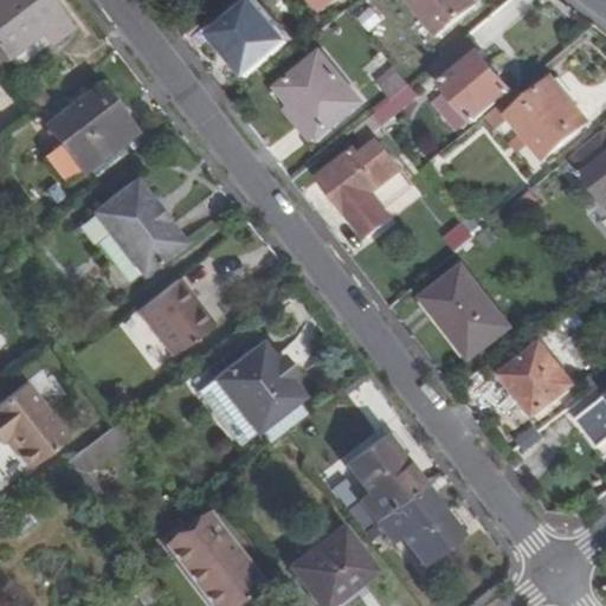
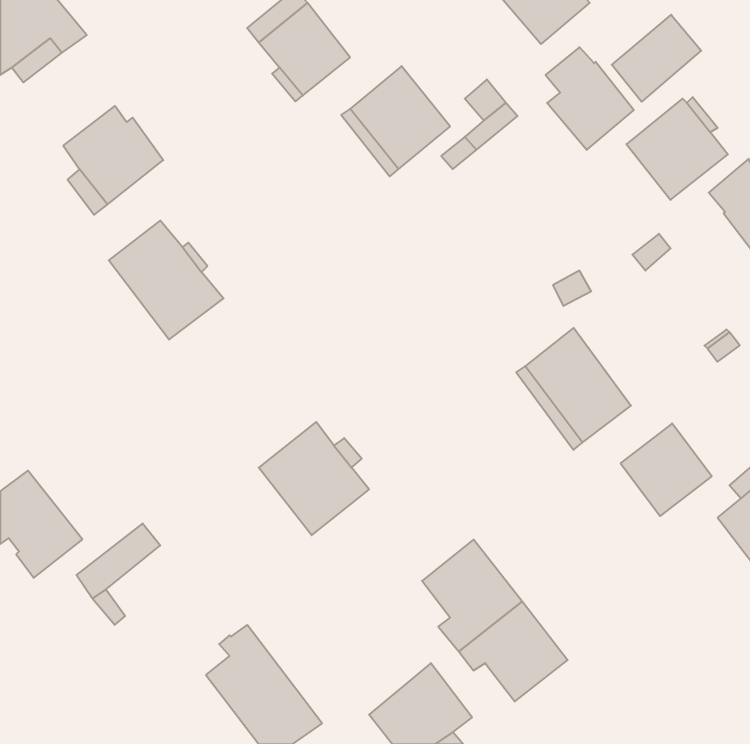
building: none -> [612,15,701,102]
building: [318,138,401,236] -> none
building: [135,278,209,353] -> none

